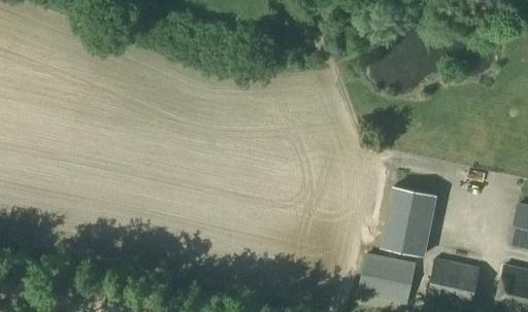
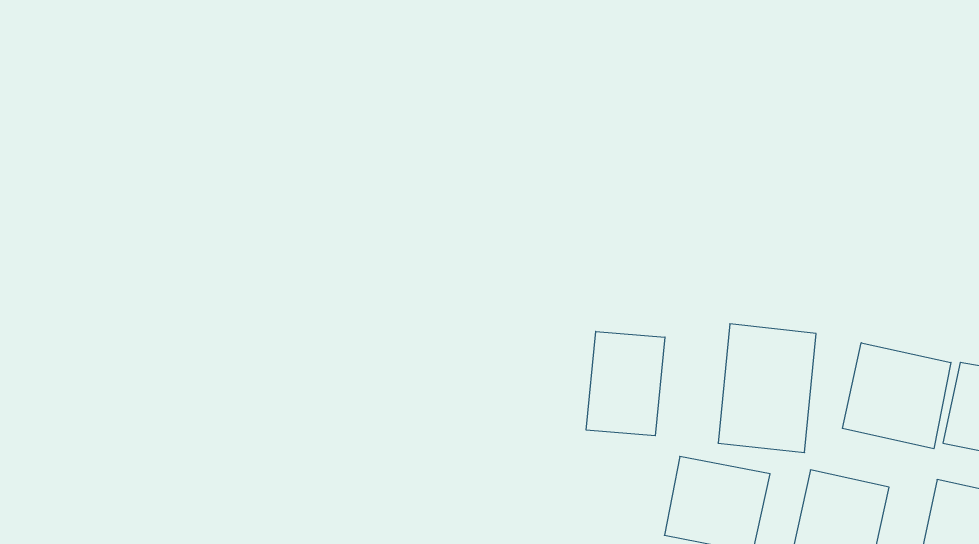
building: none -> [586,331,665,436]
building: none -> [842,343,951,449]

